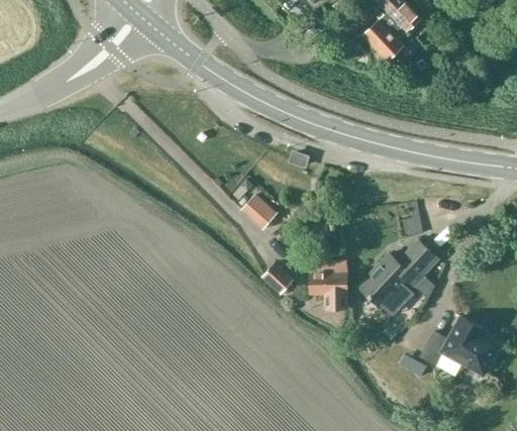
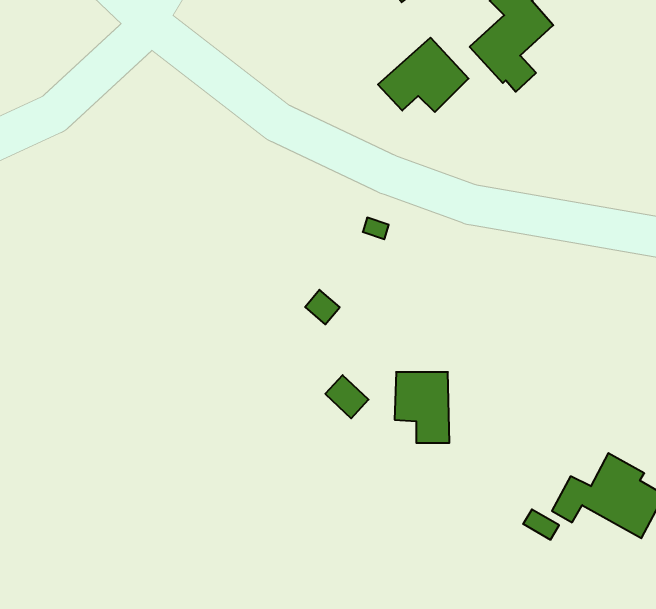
building: none -> [378,38,469,112]
building: [357,241,437,317] -> none

